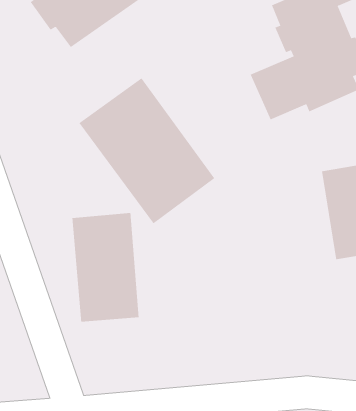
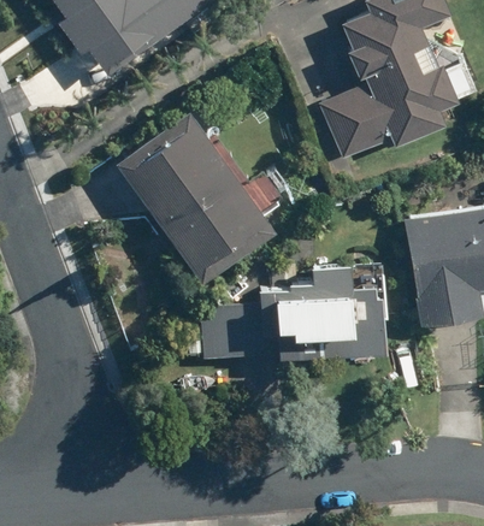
building: none -> [199,262,386,361]
building: [72,212,139,322] -> none

